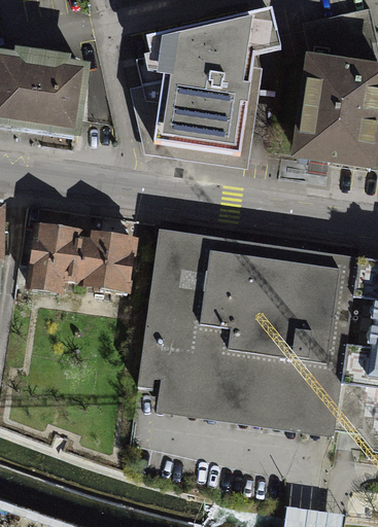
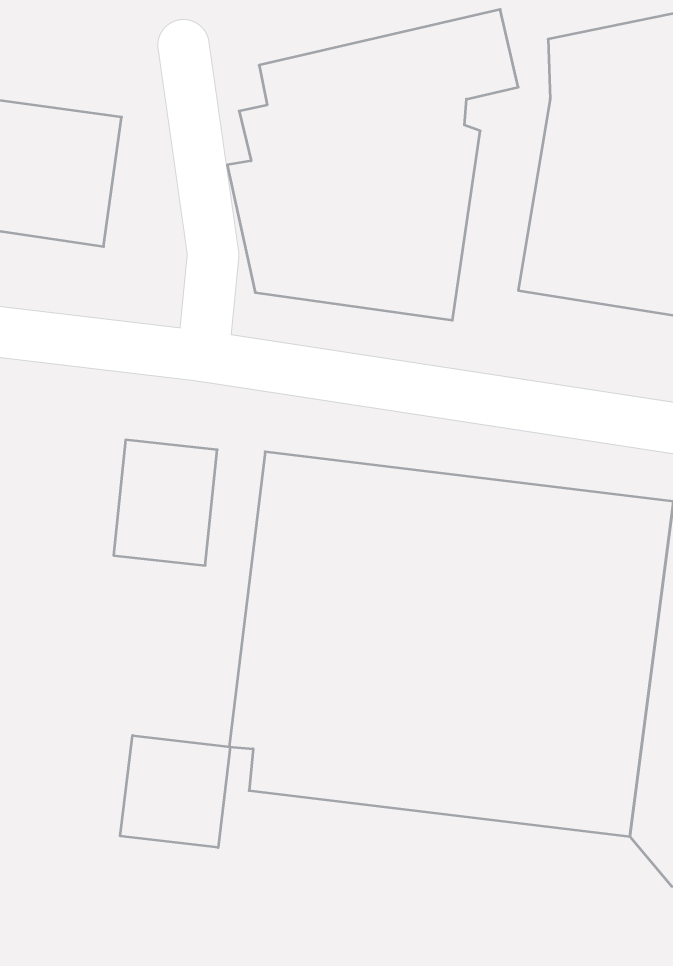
building: [26,223,84,288] -> none
building: none -> [120,735,230,848]

